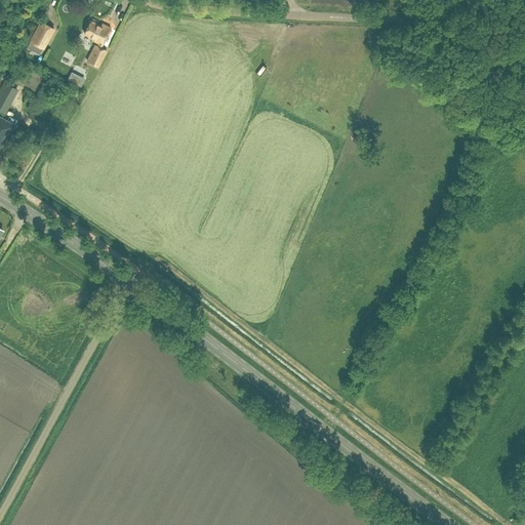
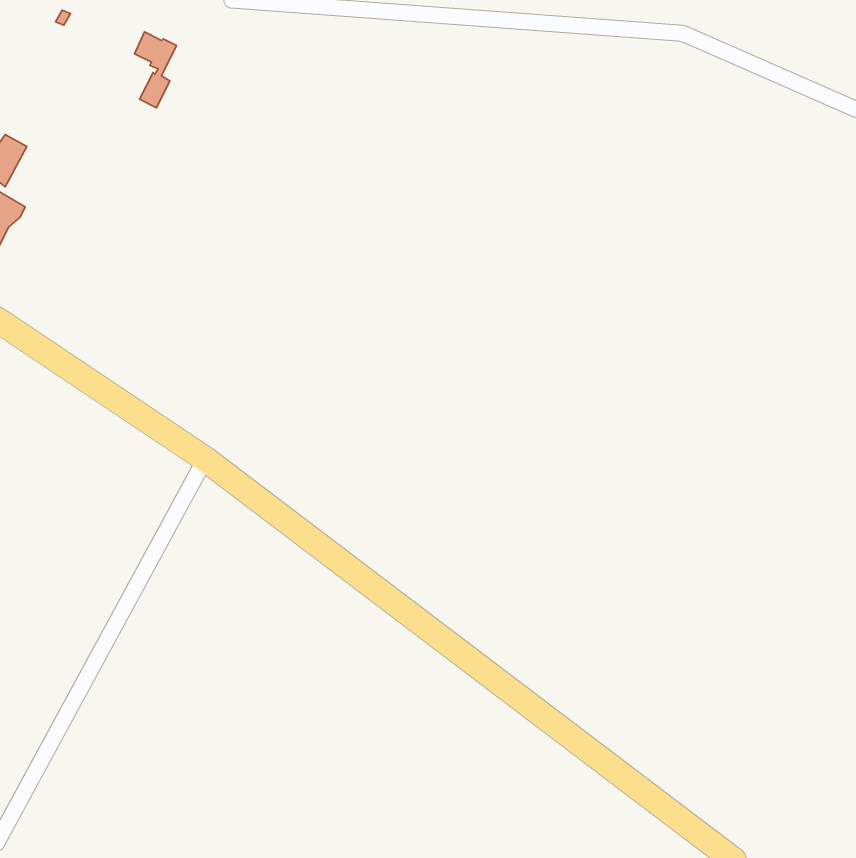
building: [27,22,53,50] -> none

